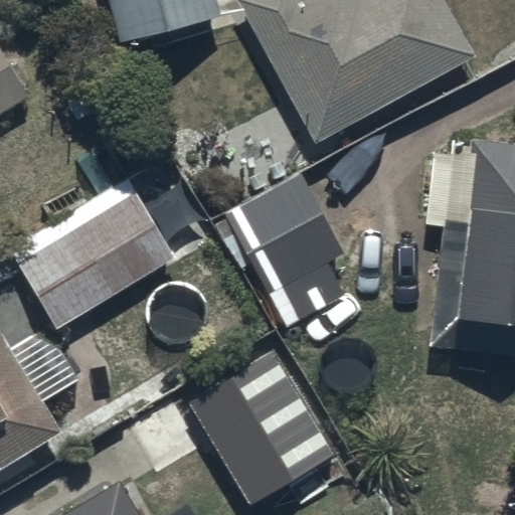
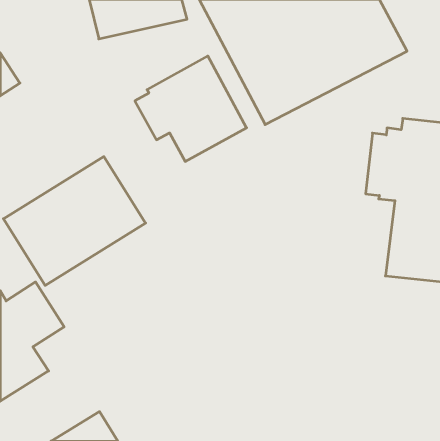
building: [214,172,344,295] -> [135,56,247,161]
building: [192,351,338,504] -> none

